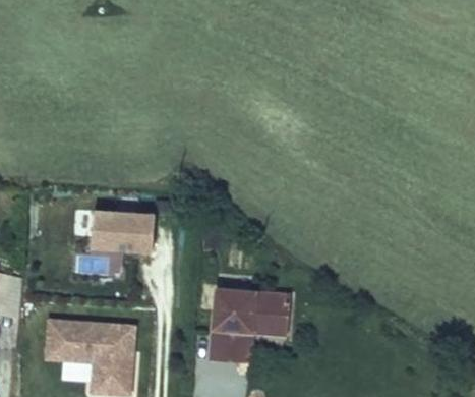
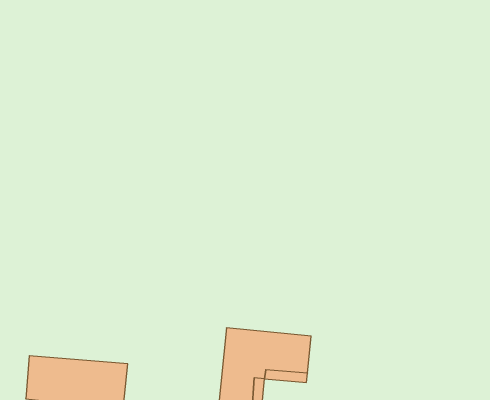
building: [74,208,143,256] -> none

